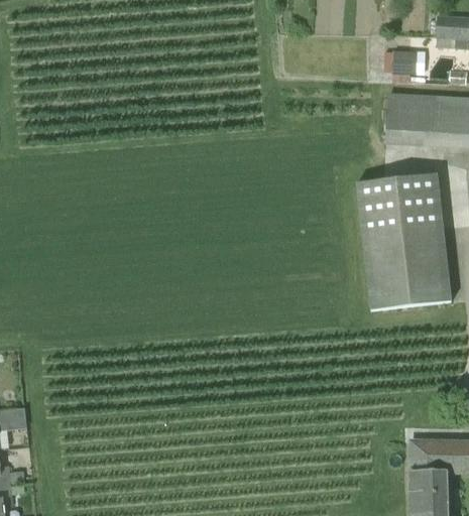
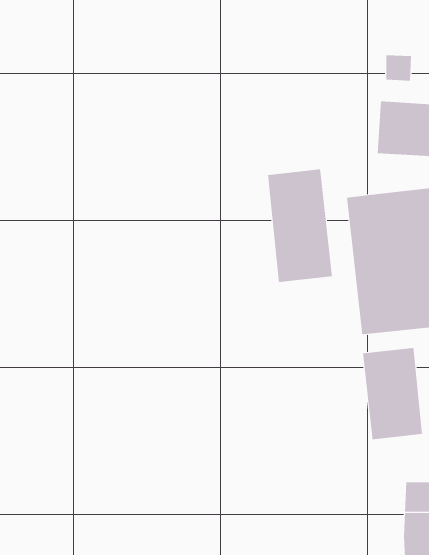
building: none -> [267,169,333,283]
building: none -> [362,347,423,440]

